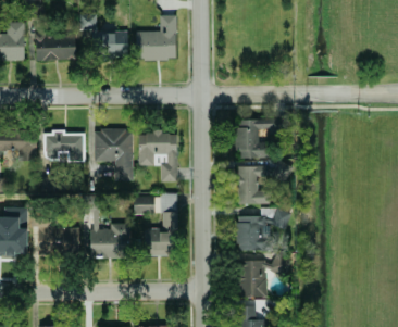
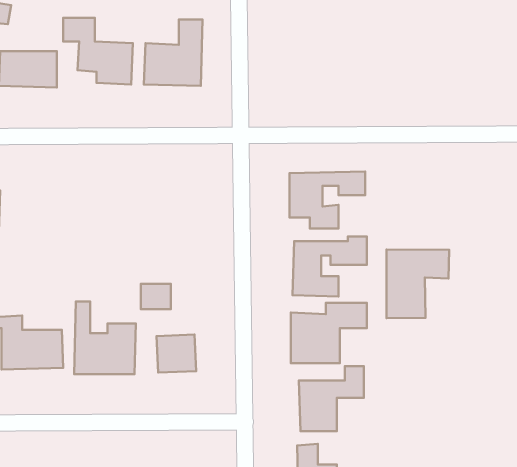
building: [94,129,133,179] -> none
building: [137,130,176,181] -> none
building: [43,133,84,161] -> none
building: none -> [387,249,449,318]
building: [160,193,177,229] -> none

